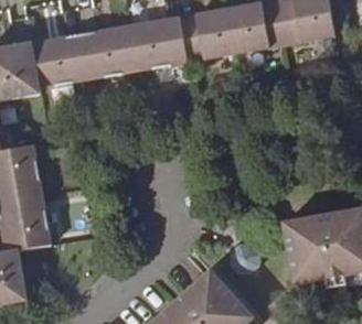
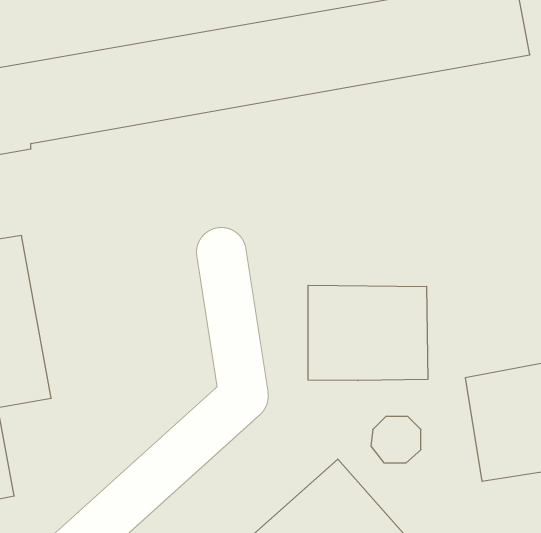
building: none -> [308,285,428,381]

